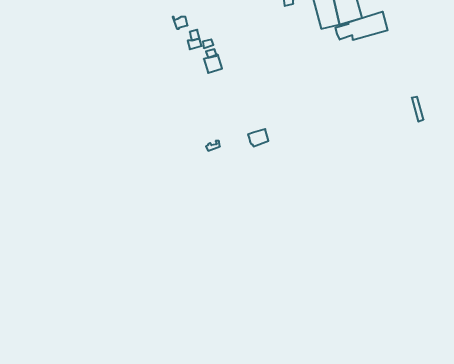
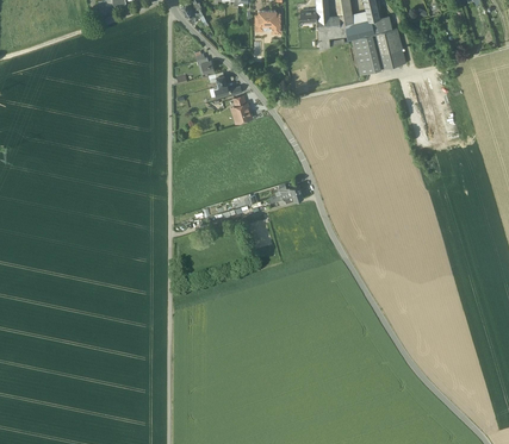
building: [335,12,388,40] -> none

